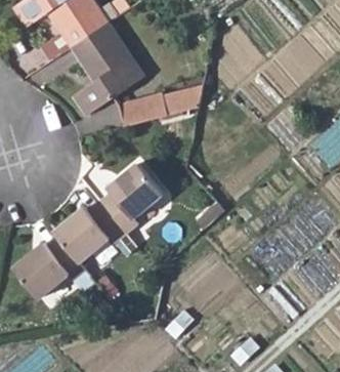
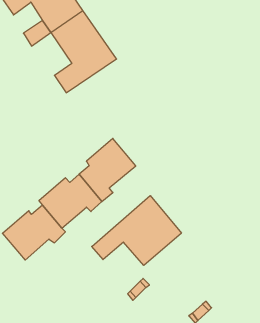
building: [99,86,195,136] -> none
building: none -> [92,196,181,265]

